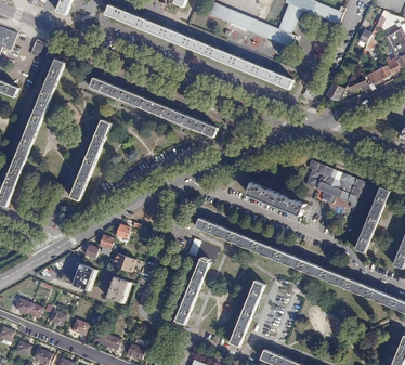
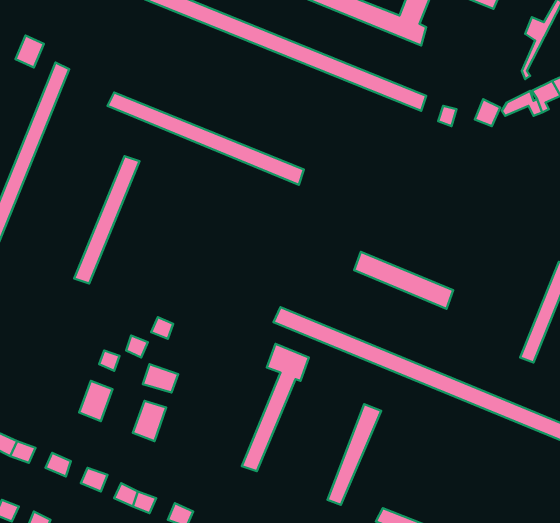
building: [308,164,370,211] -> none

